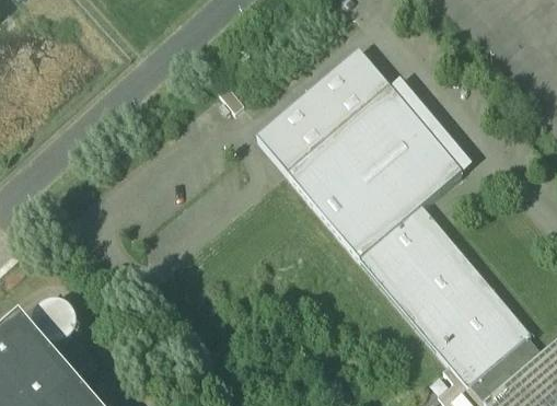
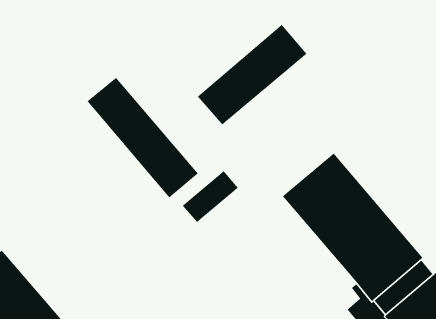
building: [288,84,462,256] -> none
building: none -> [87,77,199,199]
building: none -> [182,170,239,223]

